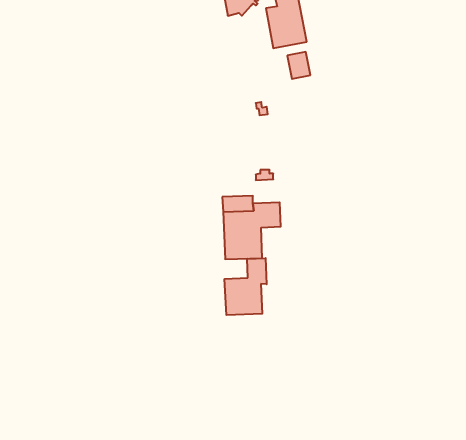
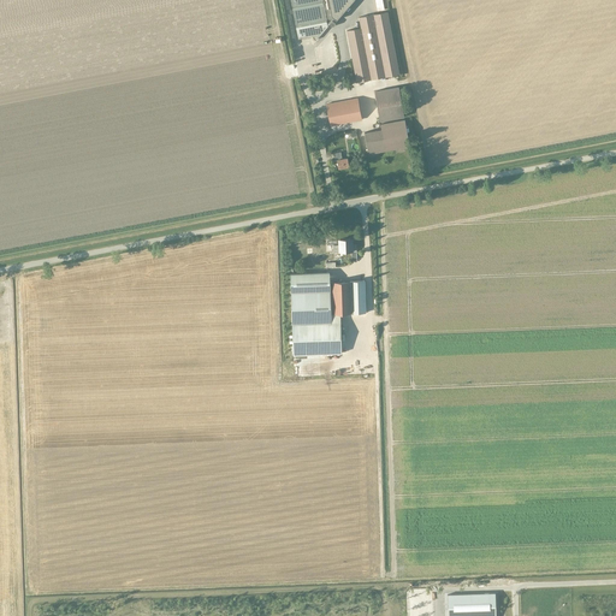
building: none -> [326,99,362,125]
building: none -> [365,119,409,154]
building: [225,258,267,315] -> none

